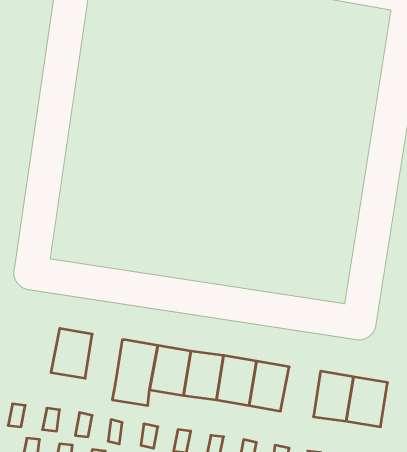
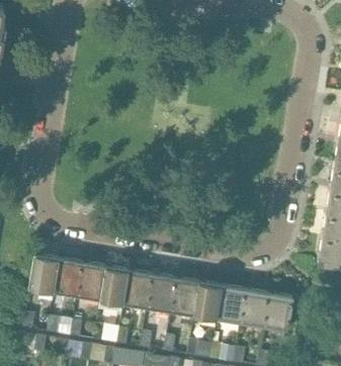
building: none -> [31,255,61,290]
building: none -> [79,263,105,298]
building: none -> [218,286,246,322]

